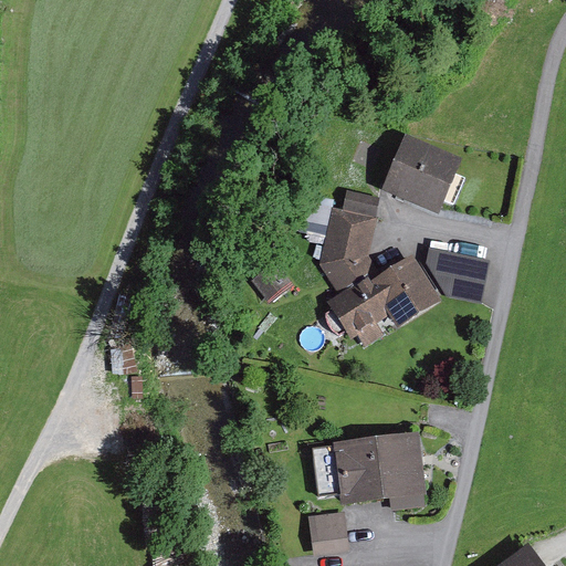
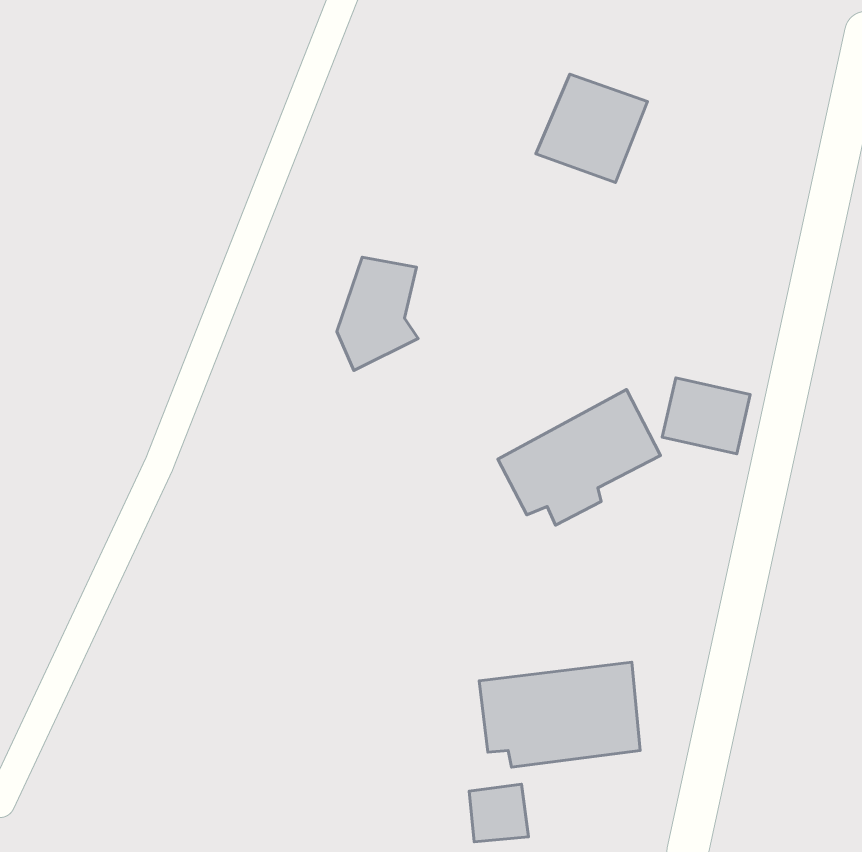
building: [380,137,453,208] -> [536,74,648,183]
building: [325,211,378,285] -> [337,257,418,371]

